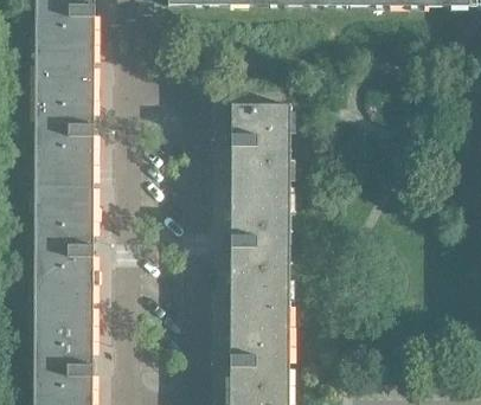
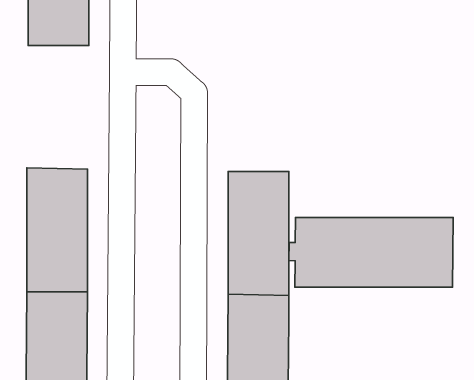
building: [34,64,95,185] -> none
building: [231,103,291,187] -> none
building: none -> [289,217,453,287]

